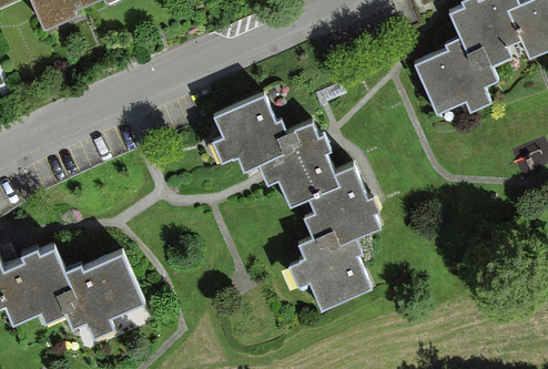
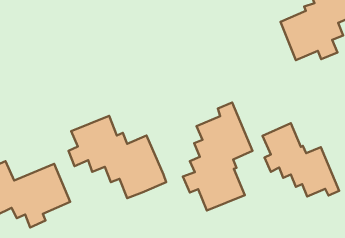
building: [210,100,337,207] -> [68,116,166,198]
building: none -> [263,123,339,196]

